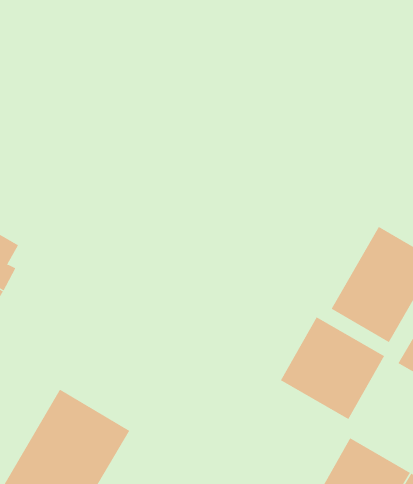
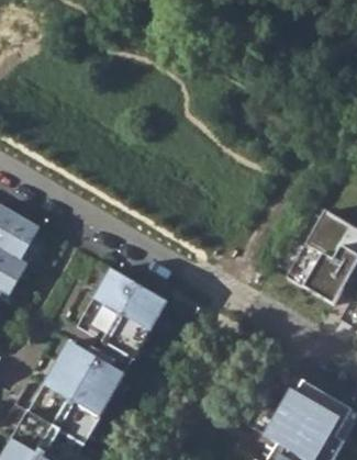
building: none -> [76,267,167,358]
building: [280,317,385,420] -> none

